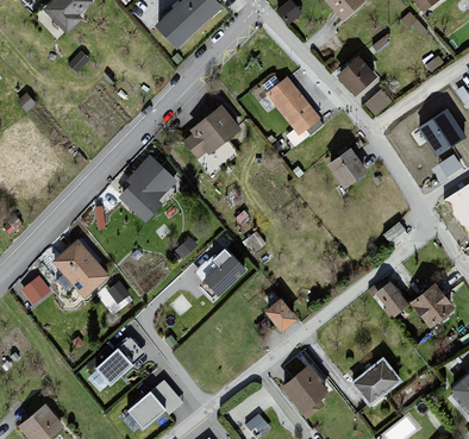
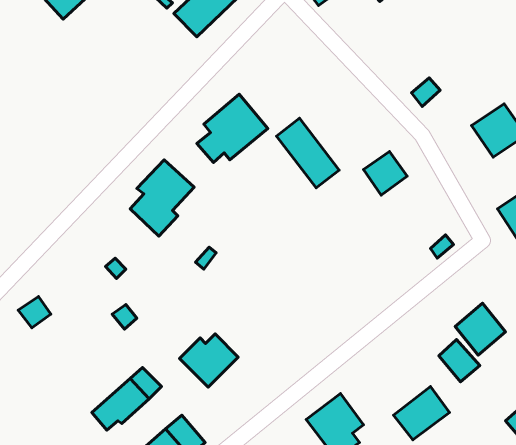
building: [334,55,374,94] -> none
building: [265,76,320,137] -> [276,118,339,188]
building: [56,239,112,296] -> none
building: [198,251,249,297] -> [180,334,238,387]
building: [370,280,406,316] -> [439,339,480,382]
building: [268,299,301,331] -> none

